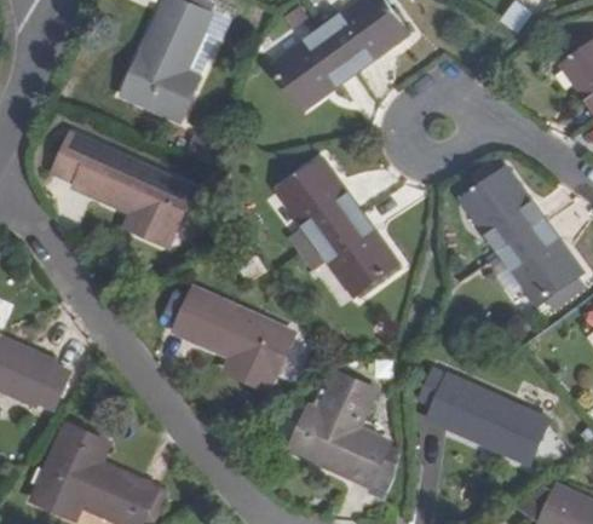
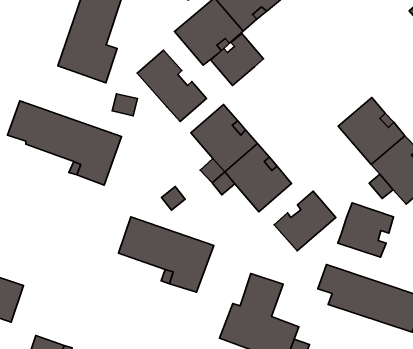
building: none -> [211,33,263,86]
building: none -> [137,50,206,121]
building: none -> [274,191,336,251]
building: none -> [338,203,394,257]

